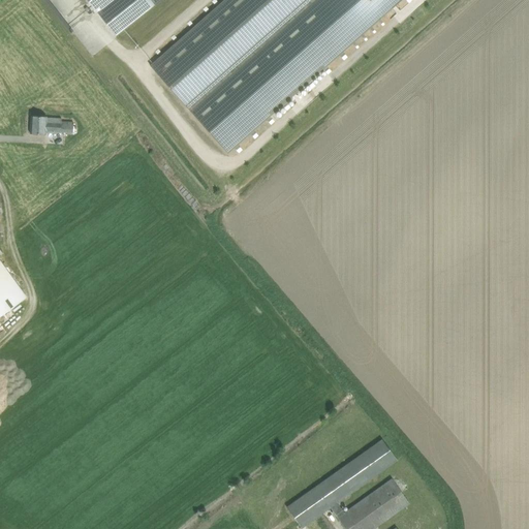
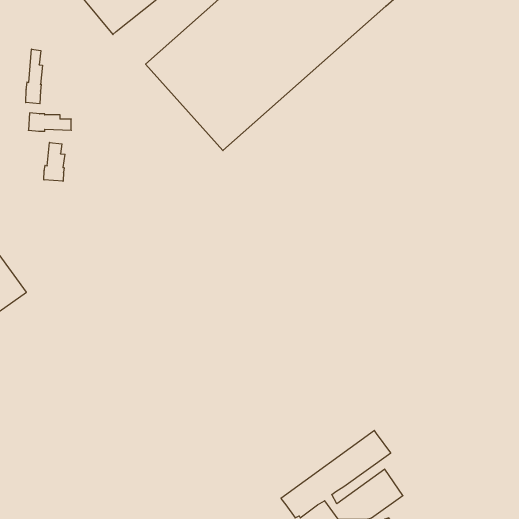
building: none -> [26,49,42,104]
building: none -> [44,142,65,181]

